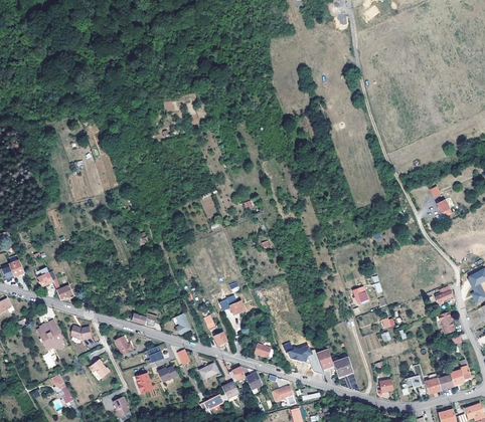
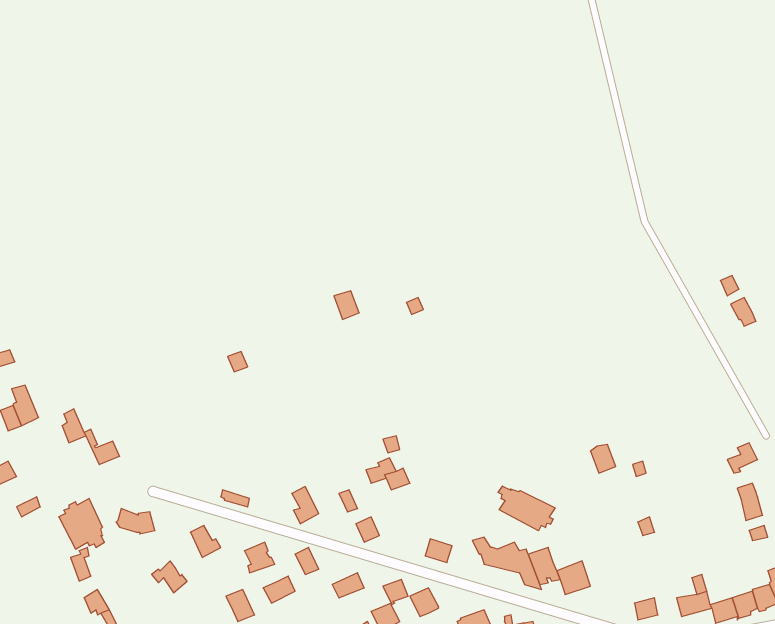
building: none -> [498,486,555,531]

